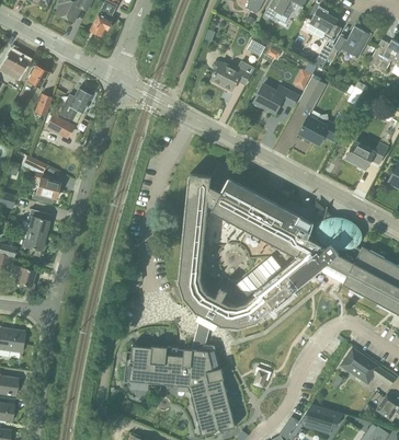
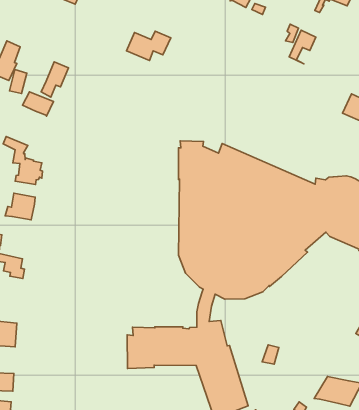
building: [212,62,254,90] -> [126,31,171,61]
building: [253,83,300,114] -> none
building: [299,116,342,143] -> none
building: [20,231,45,257] -> none

